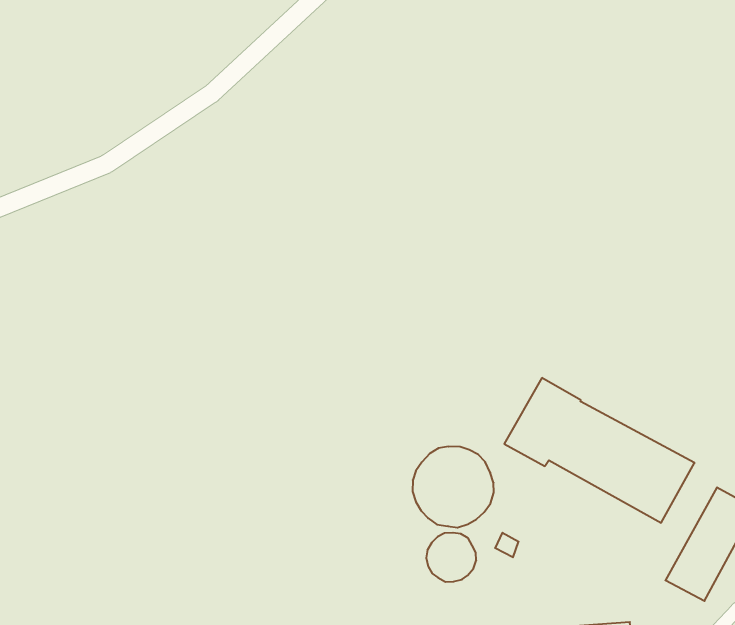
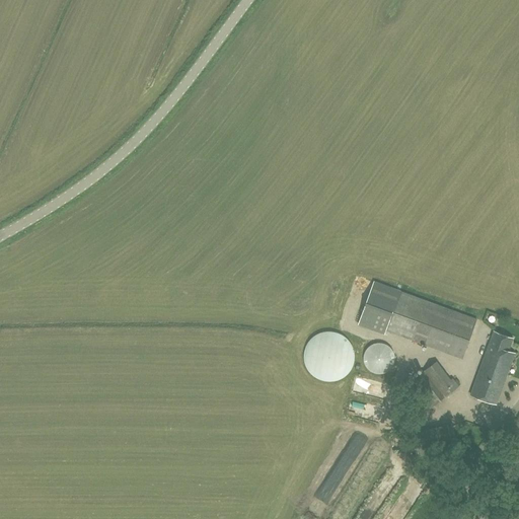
building: none -> [413,360,458,406]
building: [426,533,476,582] -> [364,343,395,374]

